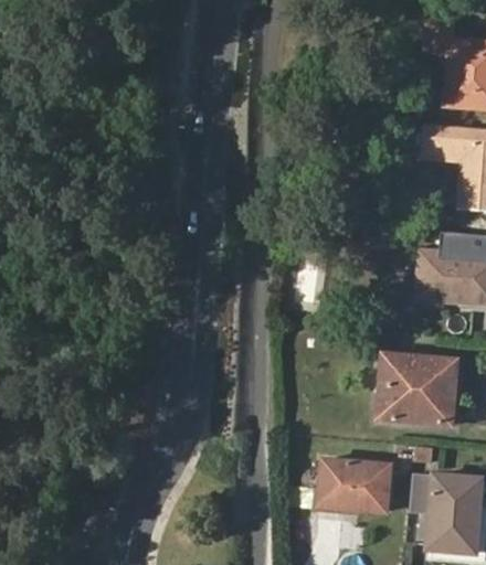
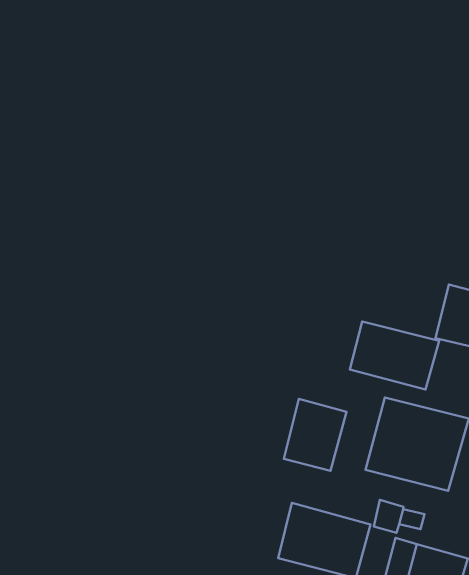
building: none -> [350,322,439,390]
building: none -> [284,399,346,471]

